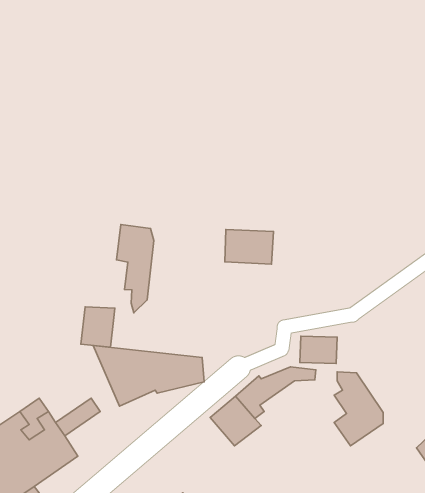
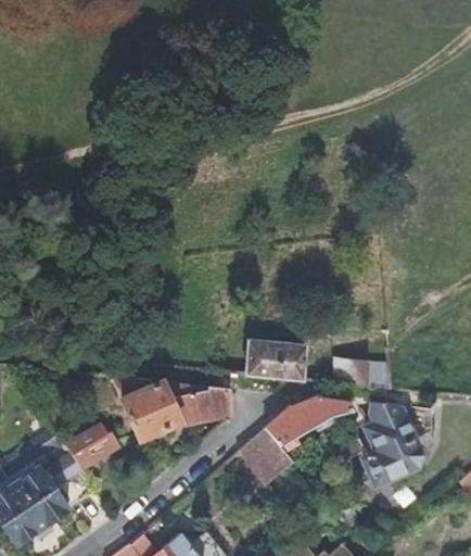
building: [116,224,154,313] -> none
building: [225,229,274,264] -> [244,339,296,376]
building: [81,307,115,347] -> none

